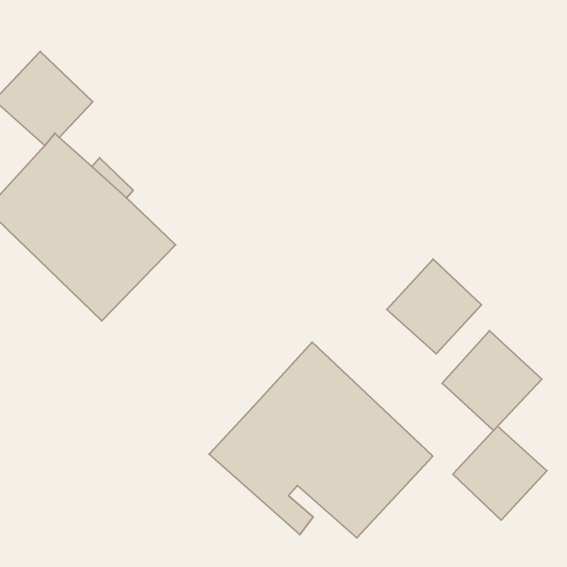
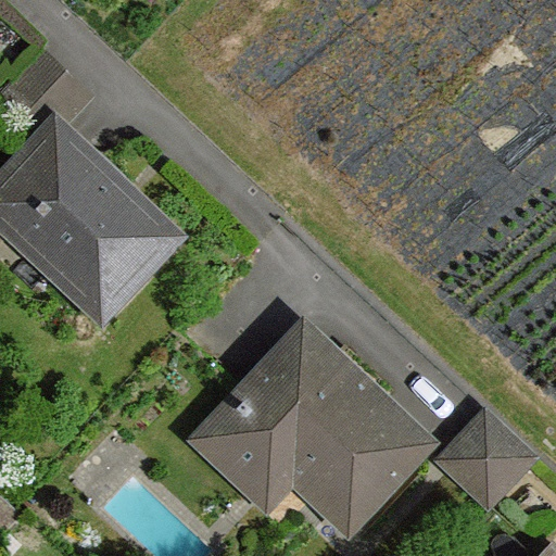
building: [387,259,481,354] -> none
building: [442,331,542,431] -> none

